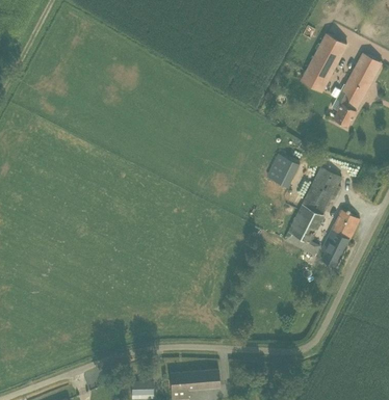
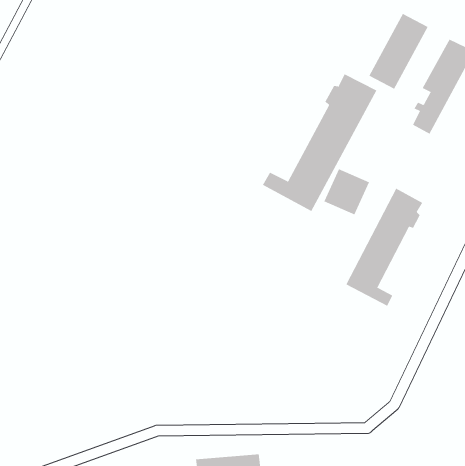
building: none -> [262,73,377,212]
building: [320,211,359,268] -> none

